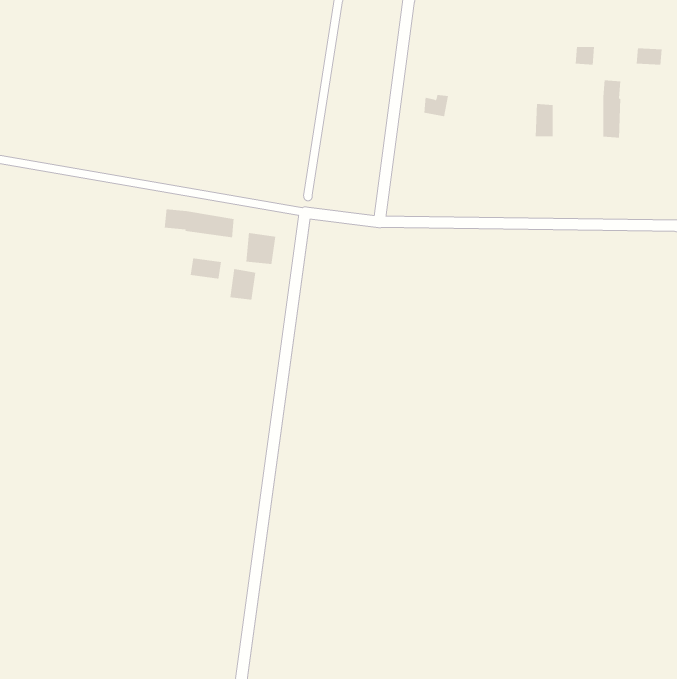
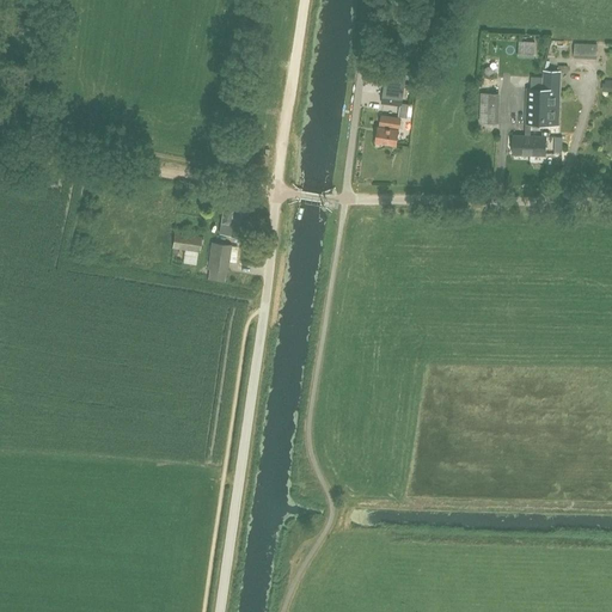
building: none -> [510,87,544,155]
building: none -> [375,115,400,143]
building: [164,208,234,238] -> none

